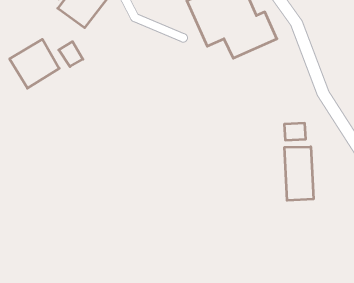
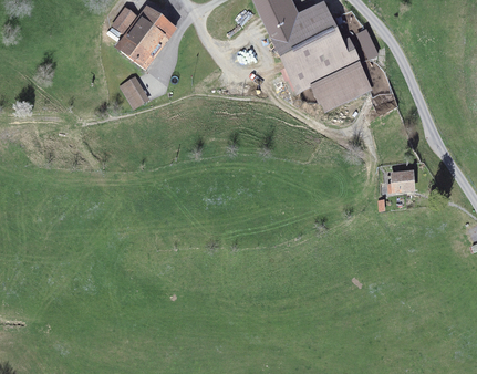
building: [10,39,59,88] -> none
building: [285,147,313,200] -> none

